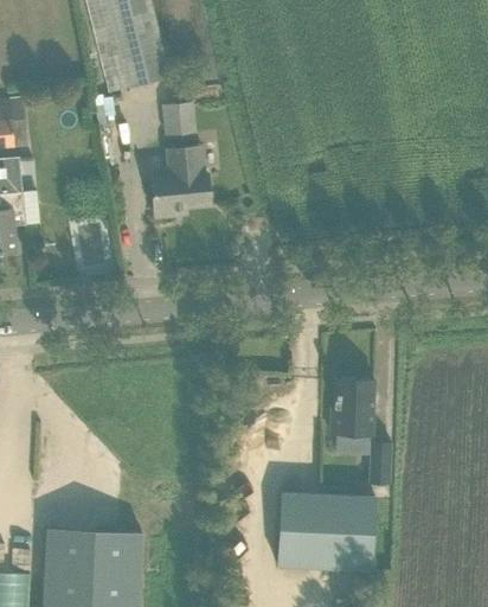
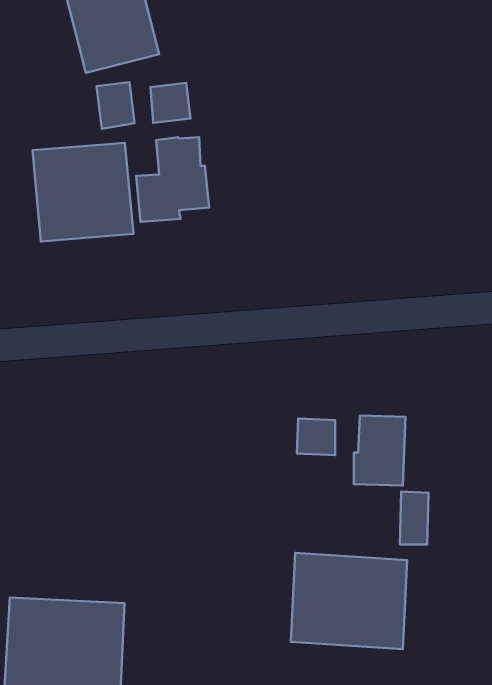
building: none -> [96,82,135,129]
building: none -> [32,143,133,241]
building: none -> [297,418,335,455]

